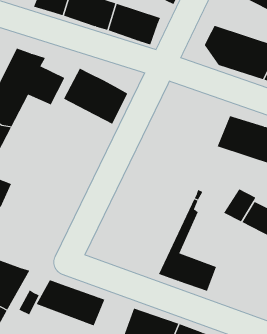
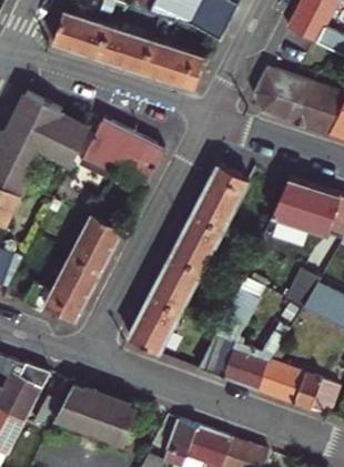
building: none -> [130,158,253,356]
building: none -> [28,214,127,319]
building: none -> [261,363,323,412]

